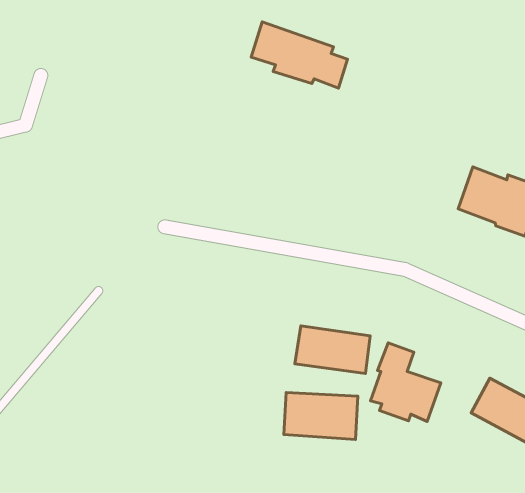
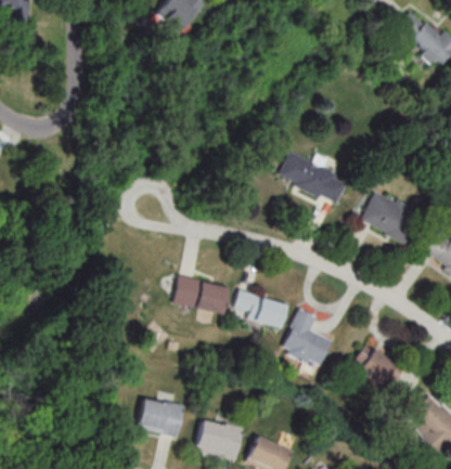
building: [251,22,347,88] -> [279,151,346,204]
building: [284,393,358,440] -> [173,275,229,314]

